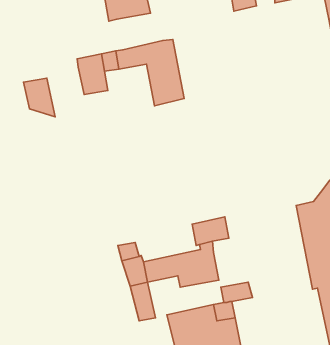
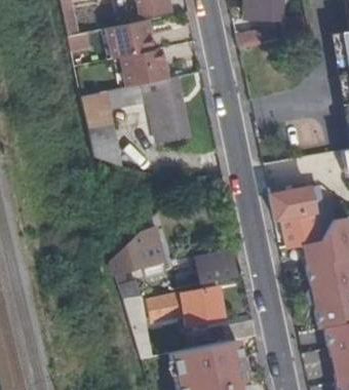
building: none -> [121,49,167,87]
building: [23,78,55,117] -> [88,128,120,167]
building: none -> [270,187,326,247]
building: none -> [115,230,165,274]

